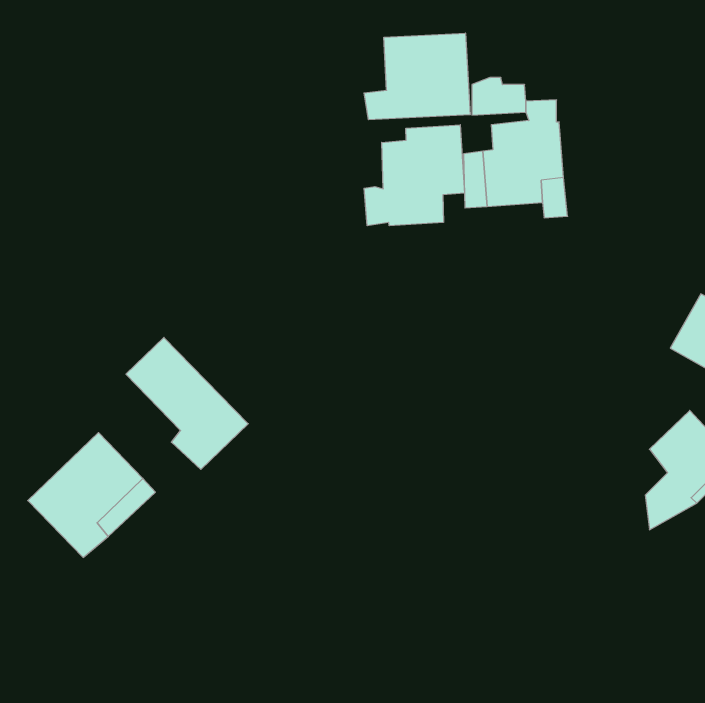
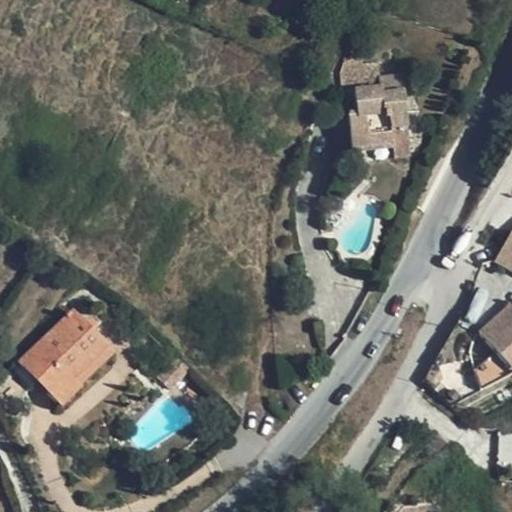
building: [364,33,470,120] -> none
building: [364,125,465,226] -> none
building: [126,337,248,469] -> none

